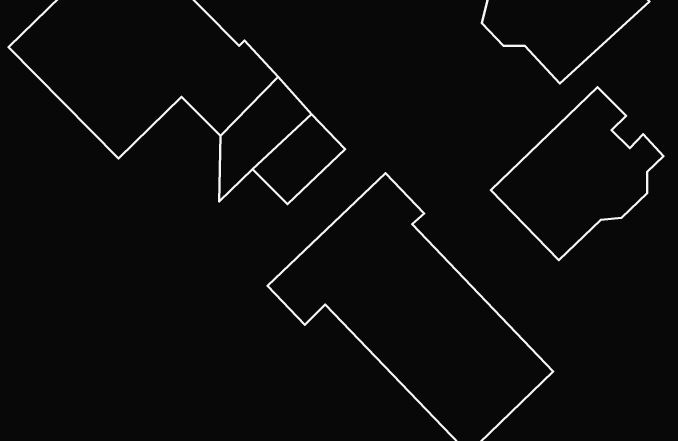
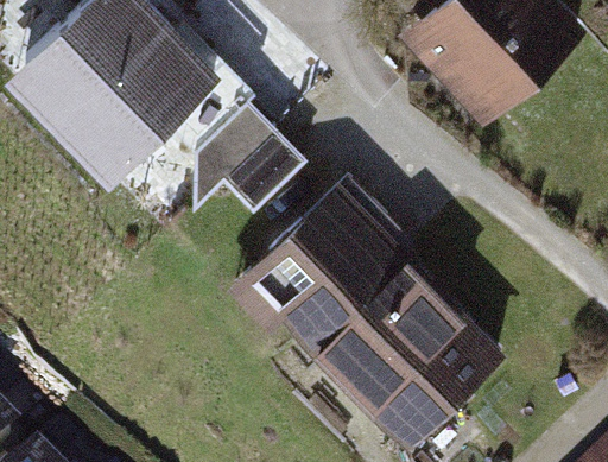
building: [491,87,663,260] -> none

